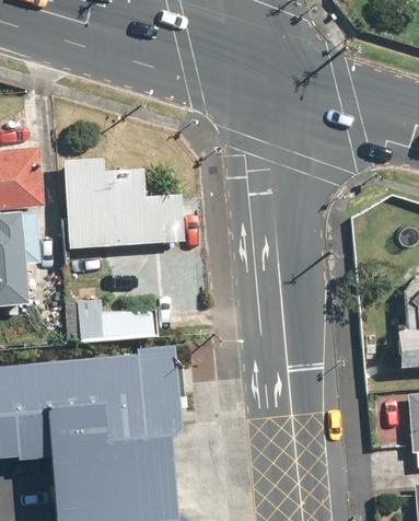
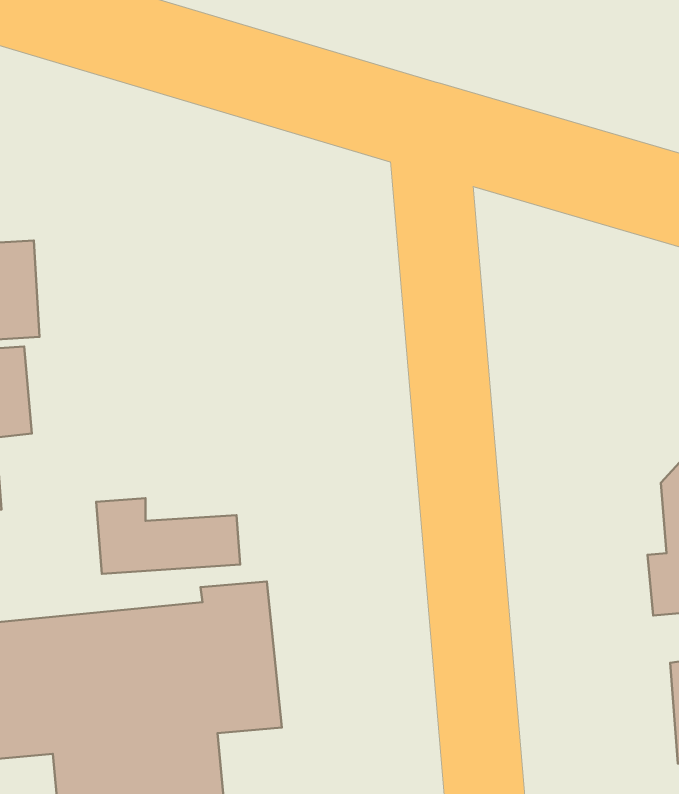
building: [59,157,183,246] -> none

